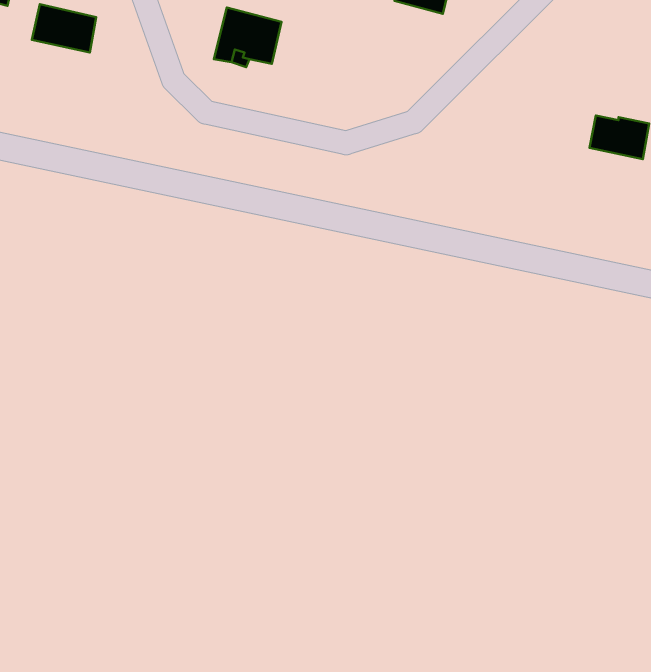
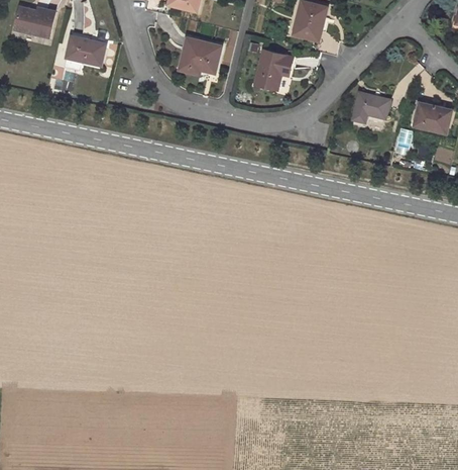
building: none -> [254,50,293,90]
building: none -> [352,93,389,122]

